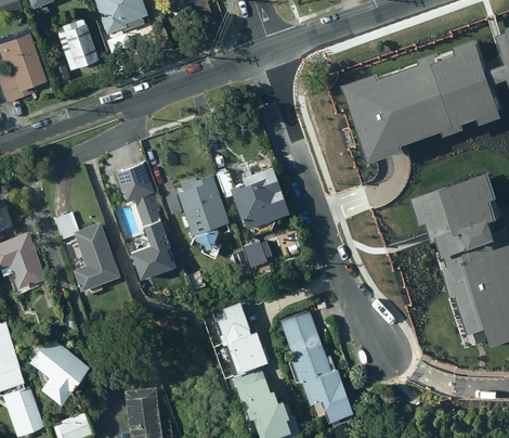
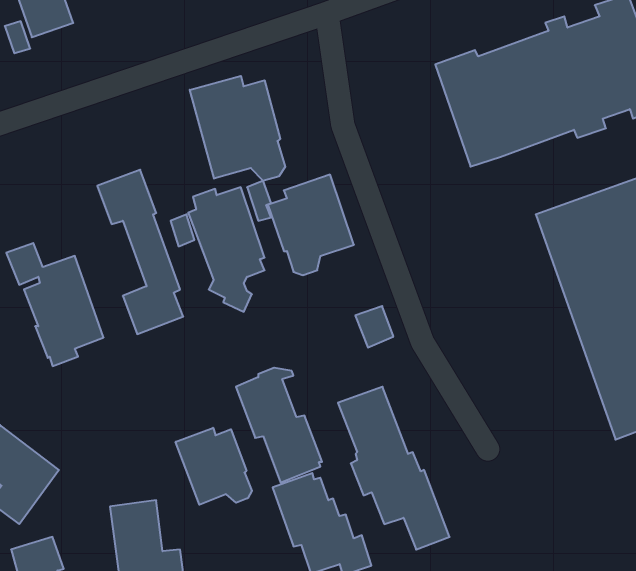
building: none -> [190,76,285,181]
building: [240,240,266,268] -> [355,306,393,348]
building: none -> [176,428,252,505]

